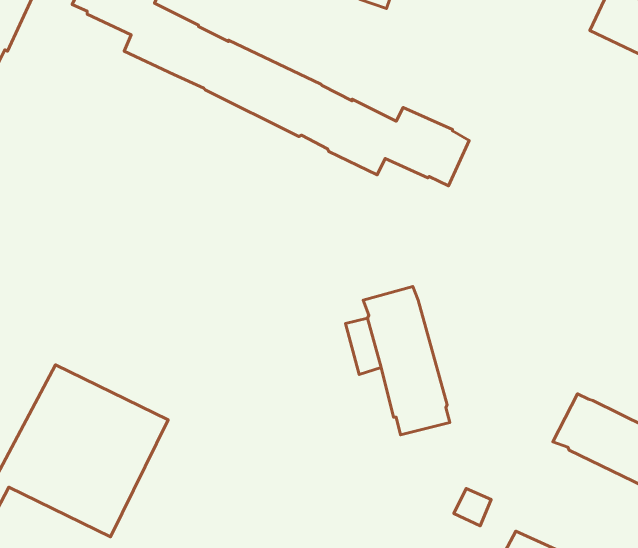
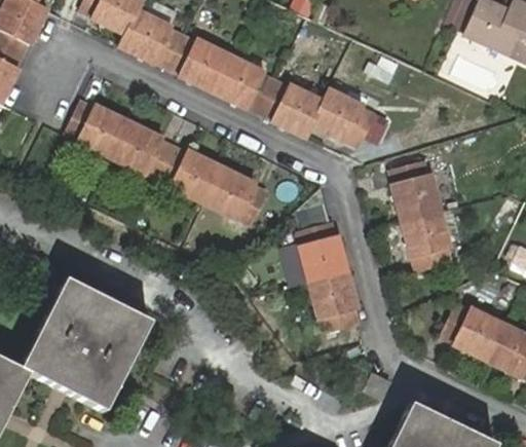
building: none -> [66,100,269,225]
building: none -> [389,161,453,272]

